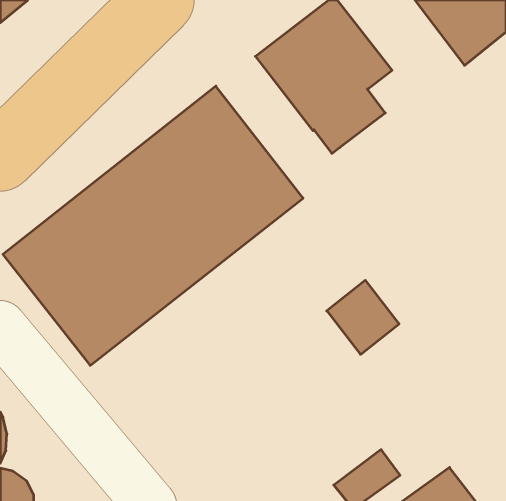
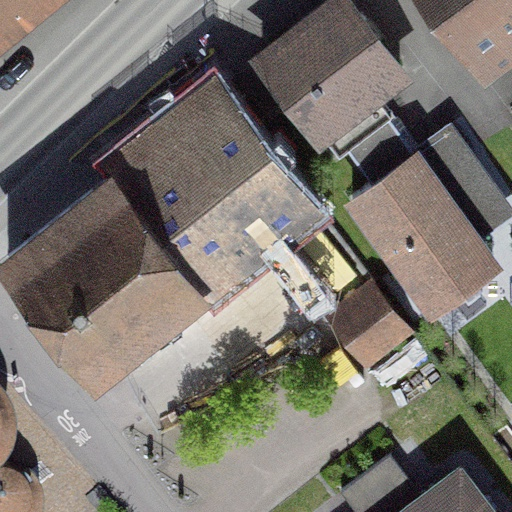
building: none -> [343,122,502,301]

